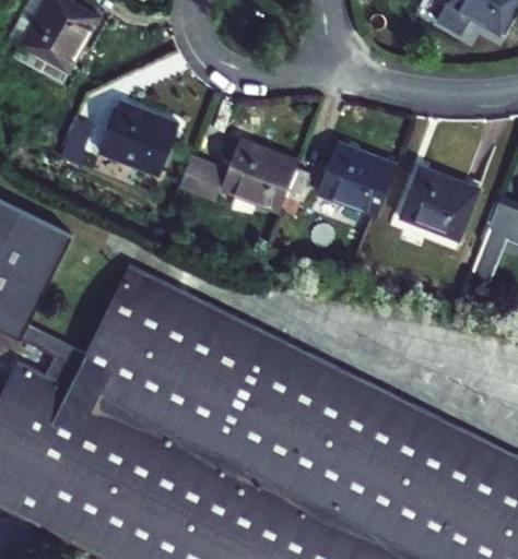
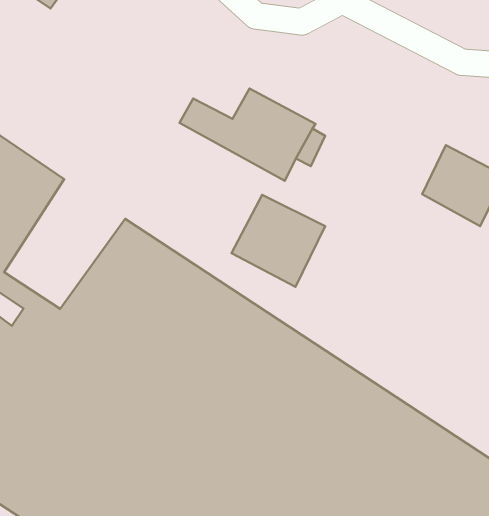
building: [80,107,169,186] -> none
building: [316,142,397,221] -> [232,195,325,287]

